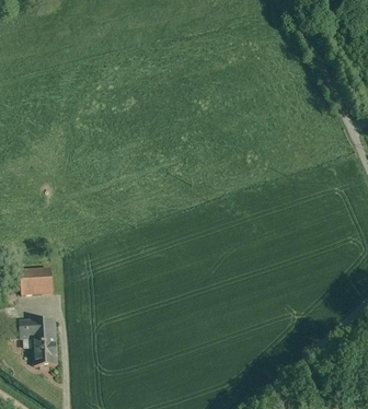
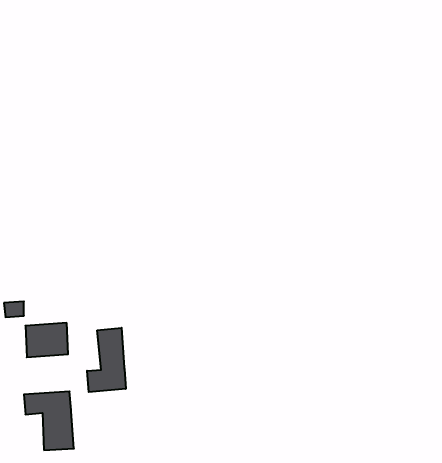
building: none -> [87,328,126,392]

